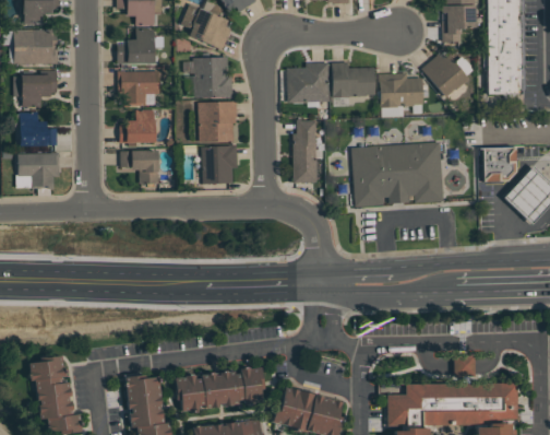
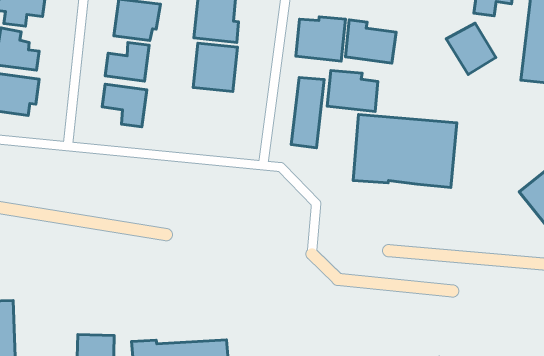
building: [379,72,423,106] -> [327,70,378,111]
building: [202,145,238,184] -> none
building: [482,146,516,181] -> none

